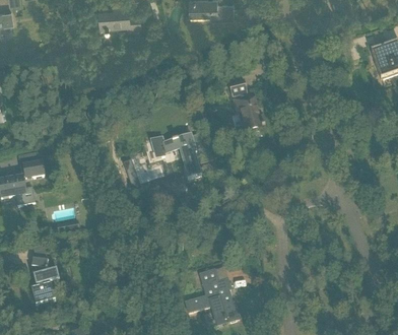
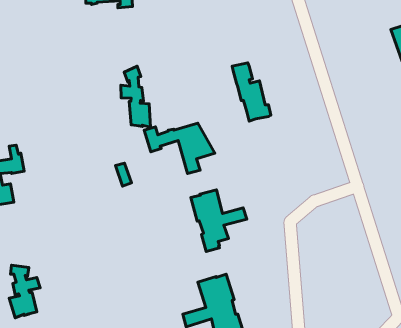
building: none -> [121,66,150,127]
building: none -> [191,190,247,251]

